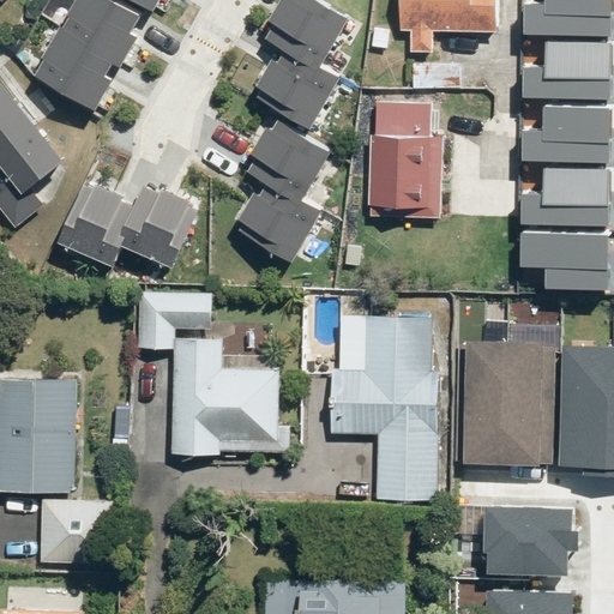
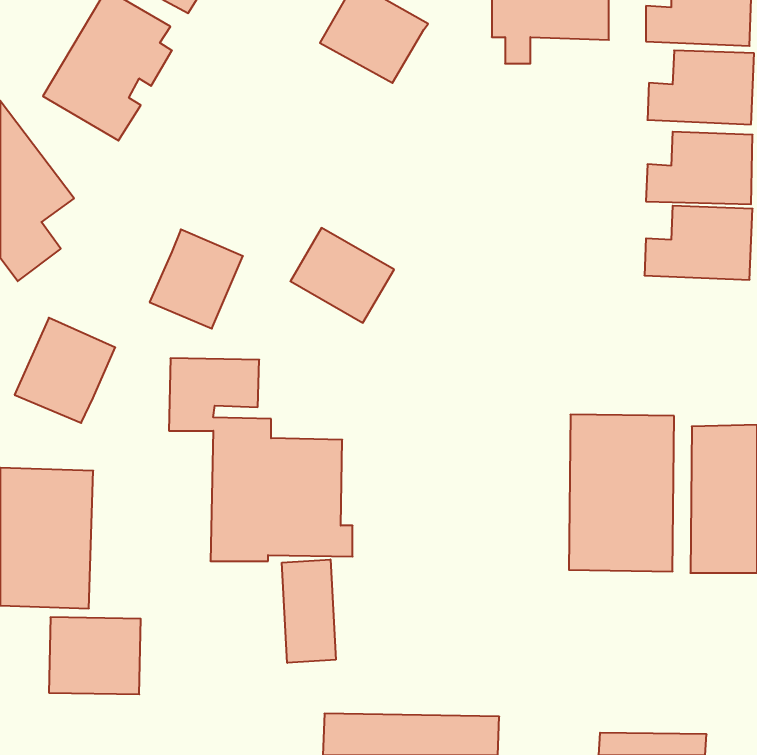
building: [254,53,337,128] -> none
building: [363,101,440,218] -> none
building: [241,113,331,203] -> none
building: [58,180,139,265] -> [15,318,115,423]
building: [519,231,608,289] -> none
building: [330,315,437,500] -> none
building: none -> [282,559,336,663]
building: [477,513,572,572] -> none

